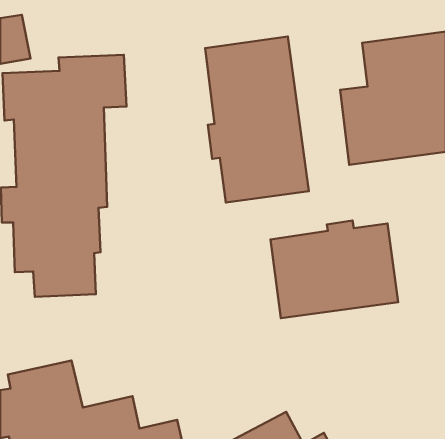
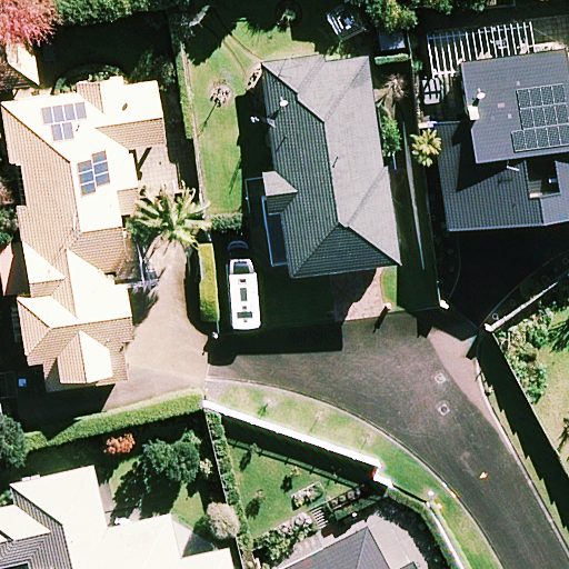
building: [270,221,398,318] -> none

